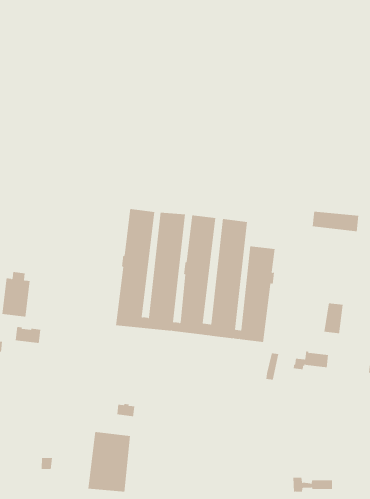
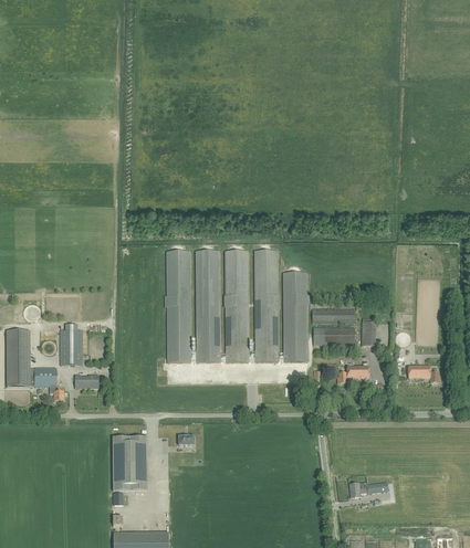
building: [312,211,359,232] -> [311,307,354,323]
building: none -> [312,327,354,345]
building: [87,432,131,492] -> [112,436,147,491]

